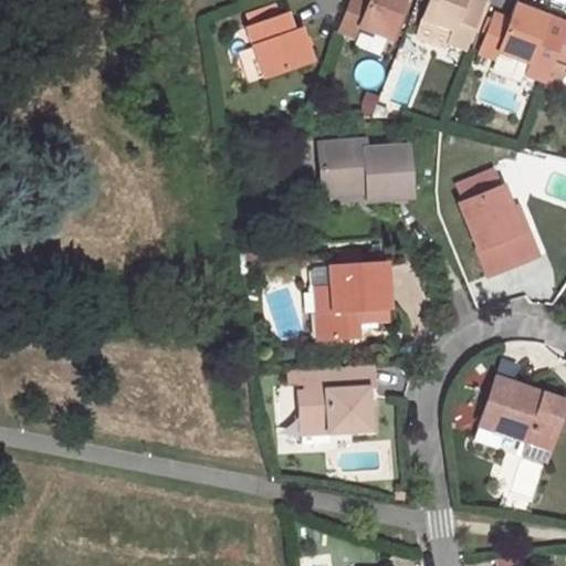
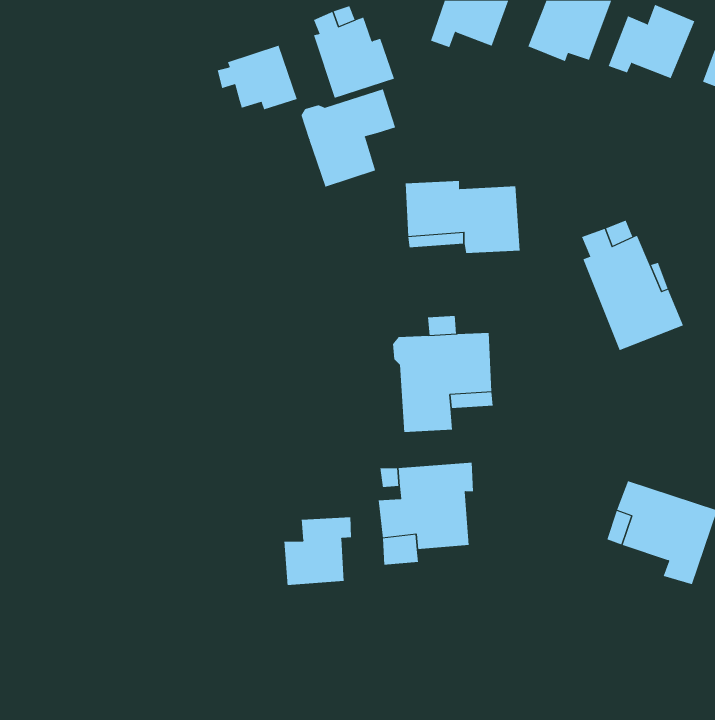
building: none -> [217,45,297,110]
building: none -> [301,89,396,188]
building: none -> [284,516,352,586]

